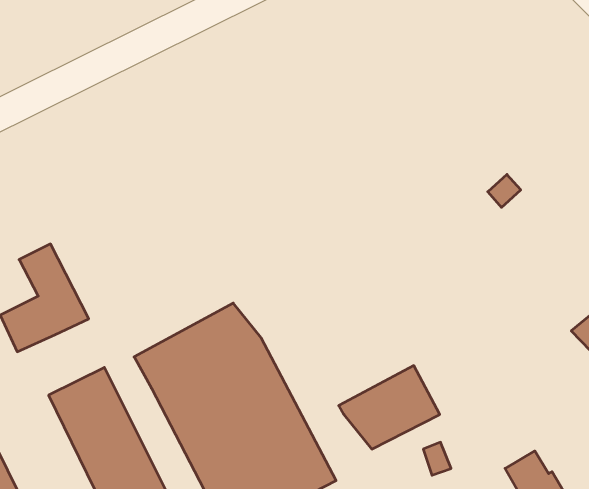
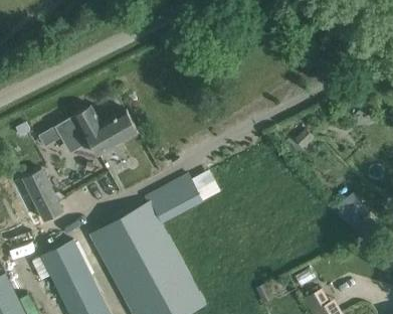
building: none -> [57,106,138,155]
building: [339,366,440,449] -> [145,175,203,223]

